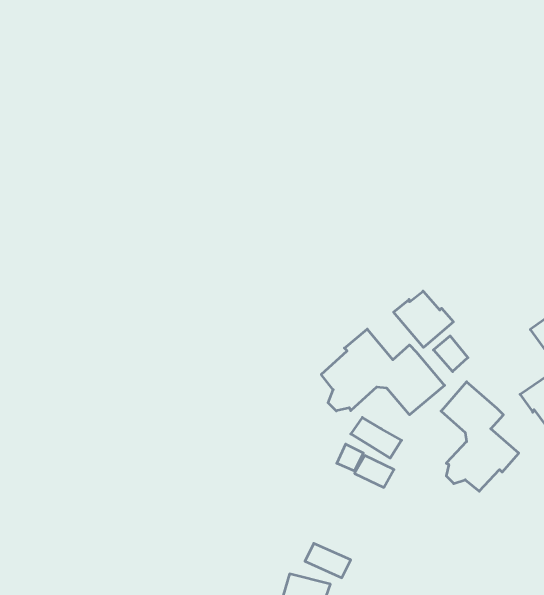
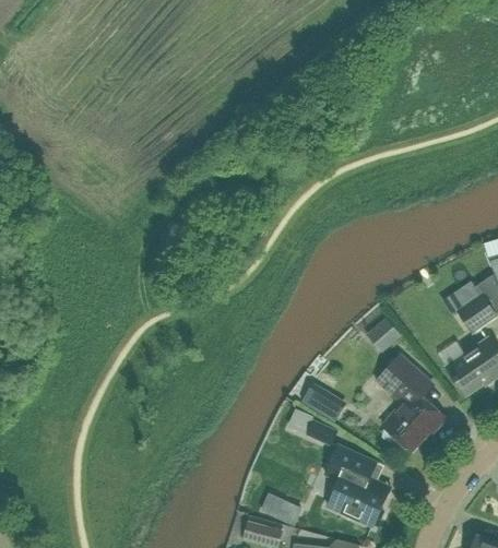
building: [394,291,453,347] -> none
building: [321,329,445,415] -> none
building: none -> [329,444,389,527]

